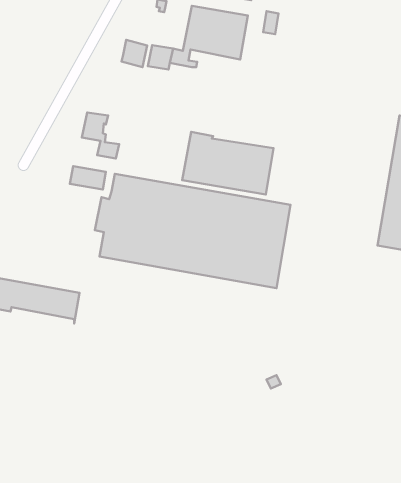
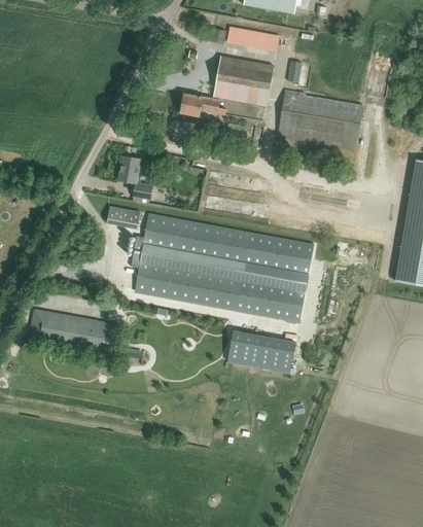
building: [122,40,147,67] -> none
building: [182,132,274,195] -> [278,92,363,150]
building: none -> [228,330,295,374]

